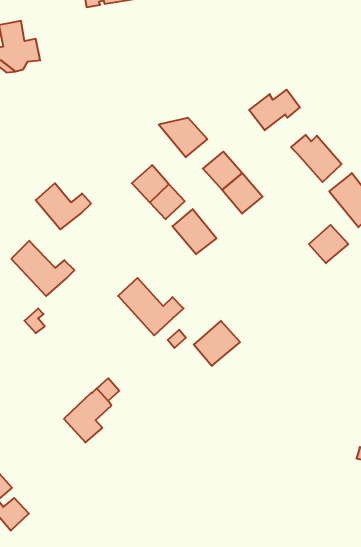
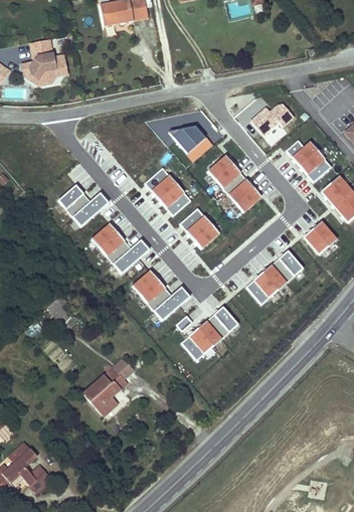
building: [11,241,74,296] -> [93,223,149,273]
building: none -> [244,249,304,306]
building: none -> [182,328,215,361]

